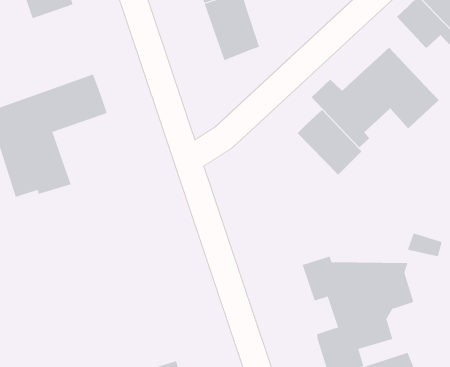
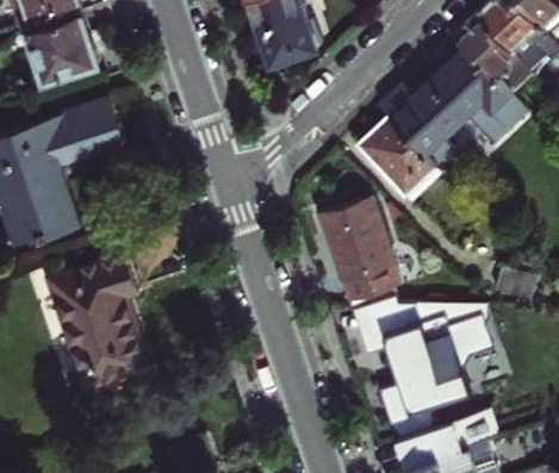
building: none -> [32,6,105,74]
building: none -> [451,20,529,101]
building: none -> [318,205,398,310]
building: none -> [54,247,154,382]

